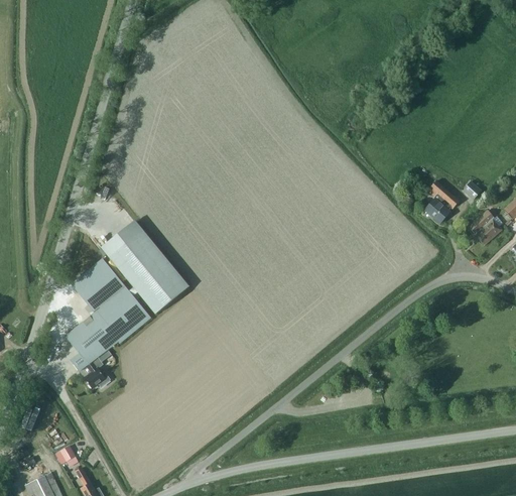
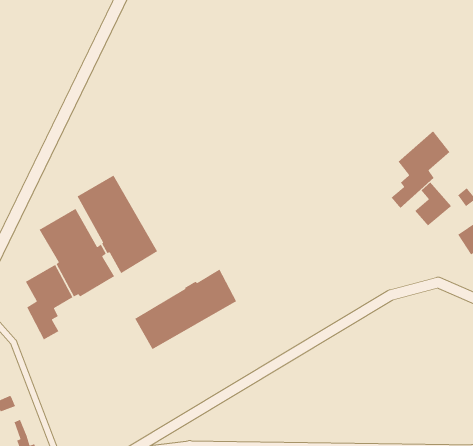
building: none -> [391,130,450,209]
building: none -> [134,269,237,350]

